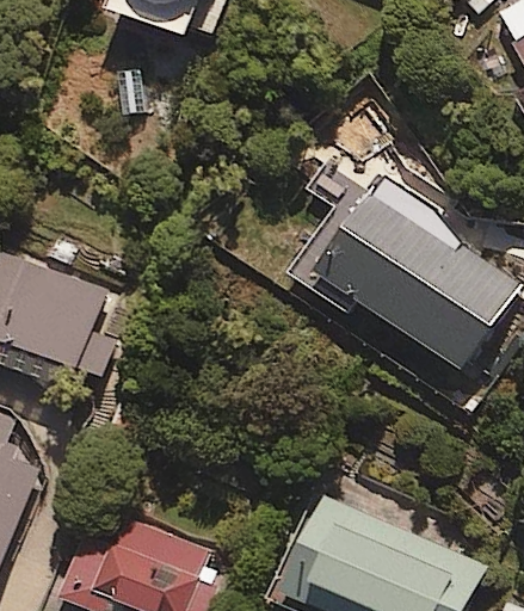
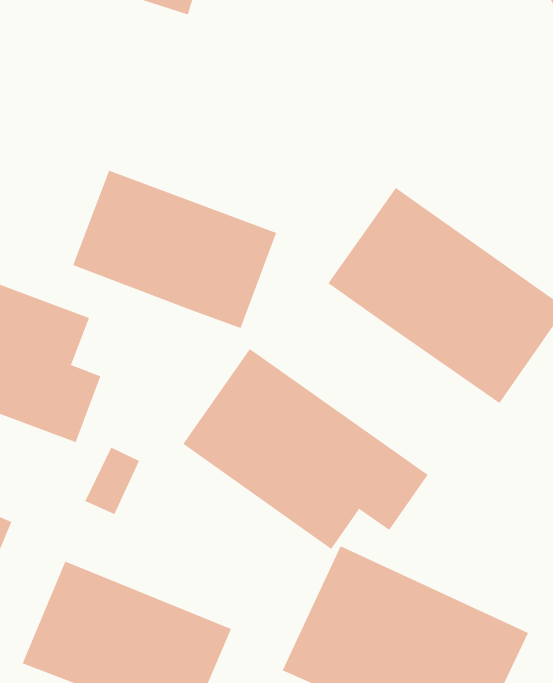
building: none -> [72,170,277,329]
building: none -> [182,348,429,550]

